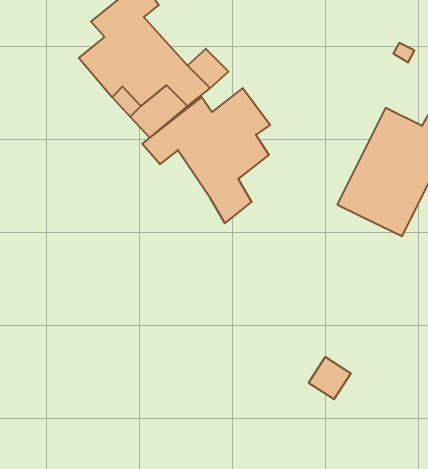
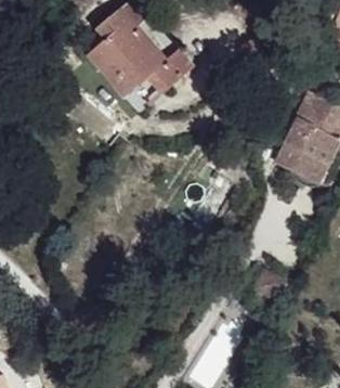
building: [142,88,270,223] -> none

